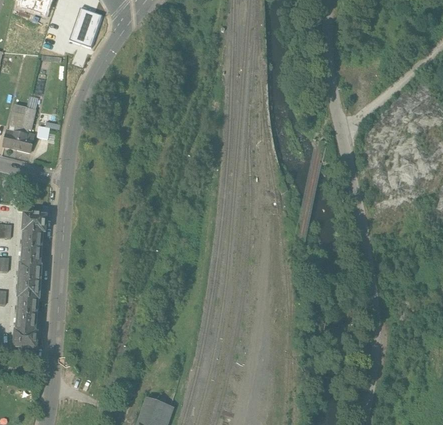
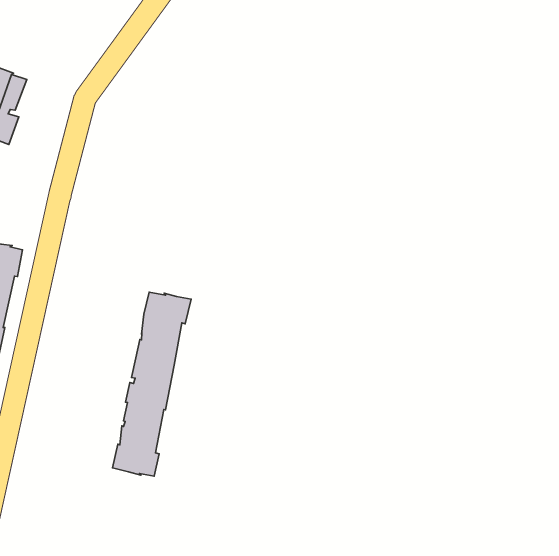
building: none -> [112,292,191,476]

